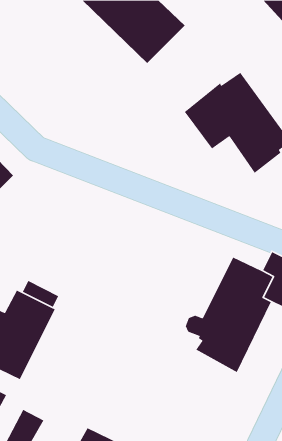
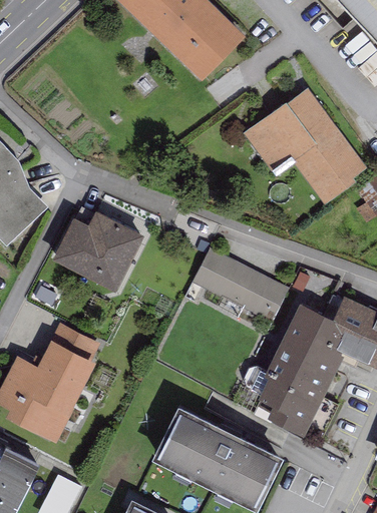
building: none -> [51,207,143,288]
building: none -> [192,248,287,322]
building: none -> [151,400,282,504]

